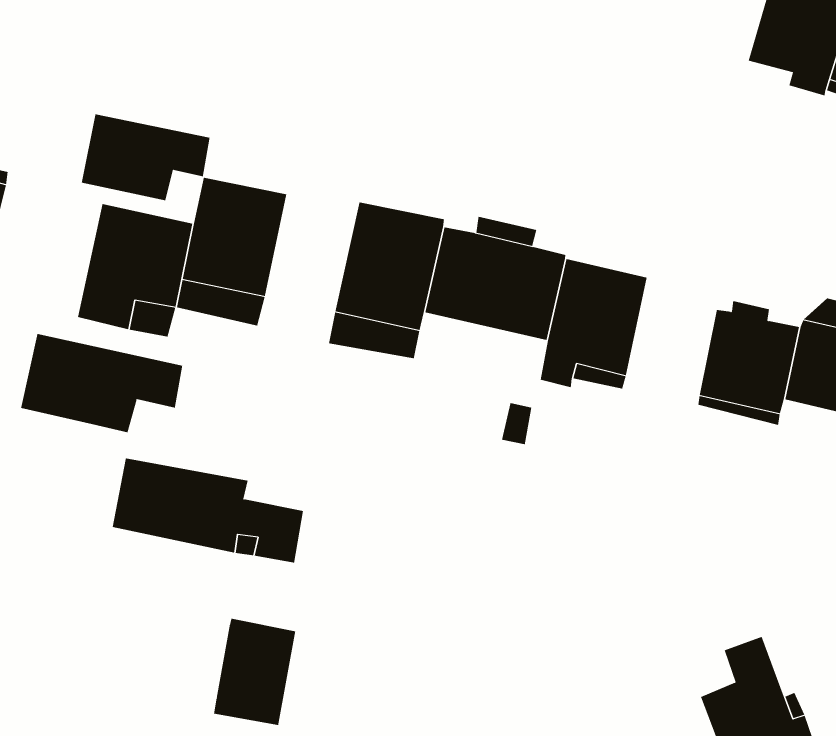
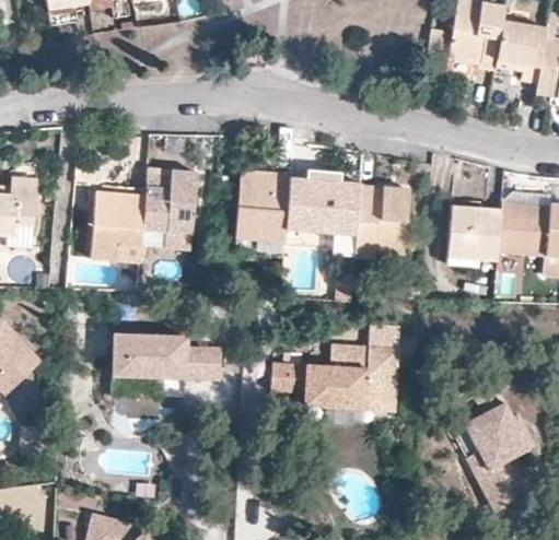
building: [81,114,210,201] -> none
building: [21,333,183,433] -> none
building: none -> [278,340,405,404]
building: [214,618,296,726] -> none

